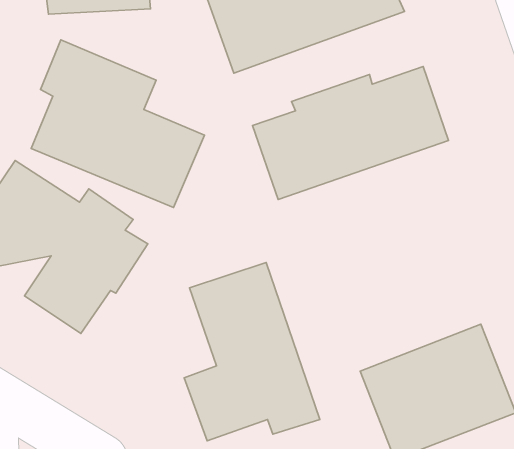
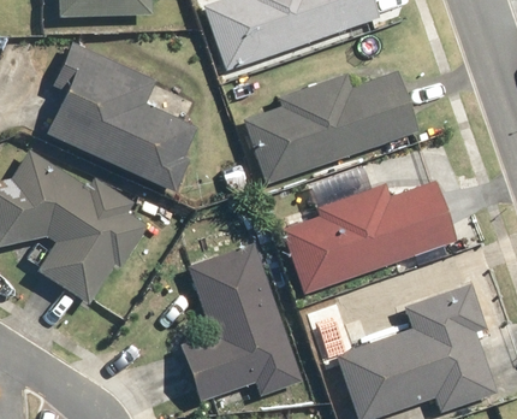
building: none -> [283,178,458,293]

